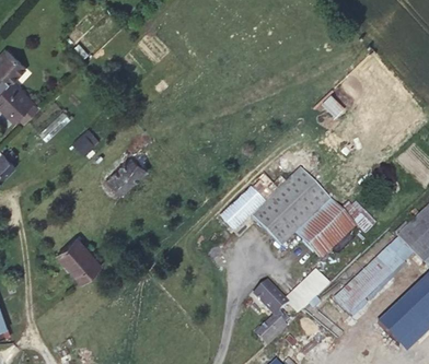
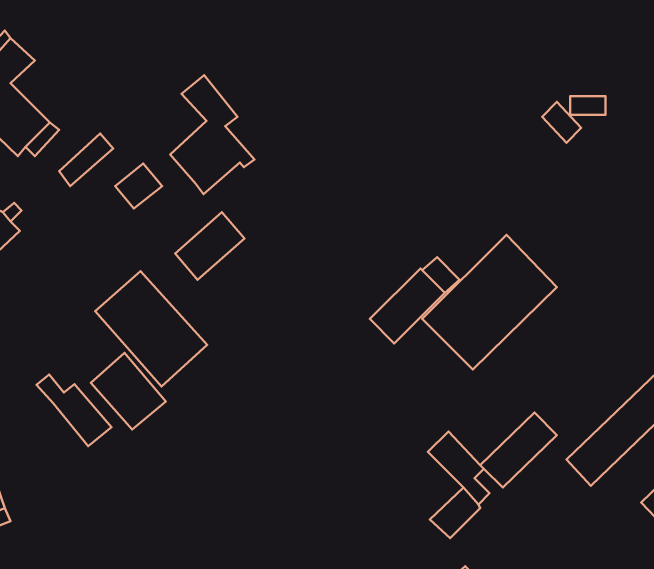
building: none -> [170,75,254,194]
building: none -> [95,271,207,387]
building: [295,200,355,259] -> none
building: none -> [37,375,111,446]

